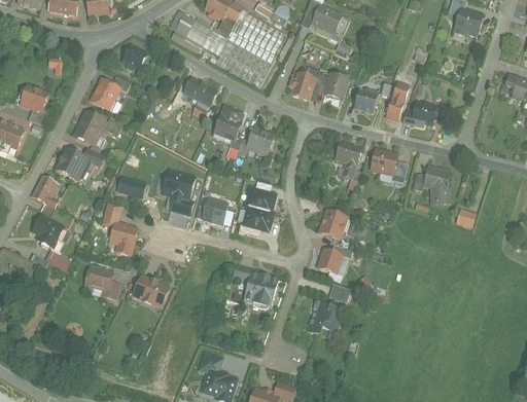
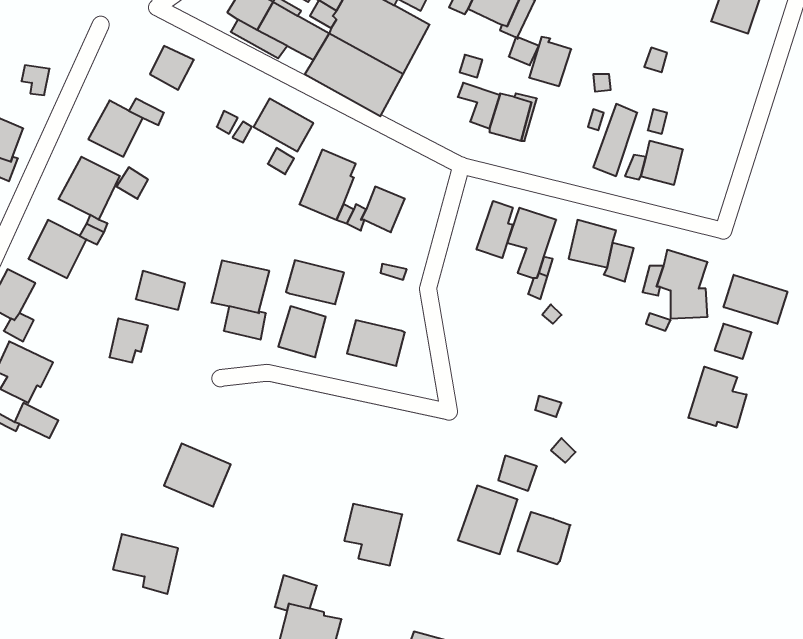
building: [287,71,316,99] -> none
building: [353,84,378,113] -> [529,37,571,86]
building: none -> [477,201,513,258]
building: none -> [724,275,787,324]
building: [243,185,277,211] -> [286,260,344,304]
building: [318,209,348,240] -> none
building: [110,222,140,257] -> none
building: none -> [688,367,747,428]
building: [316,243,347,275] -> none
building: [84,268,122,303] -> [113,534,178,594]
building: [246,275,280,310] -> [344,504,402,565]
building: none -> [518,512,571,564]

